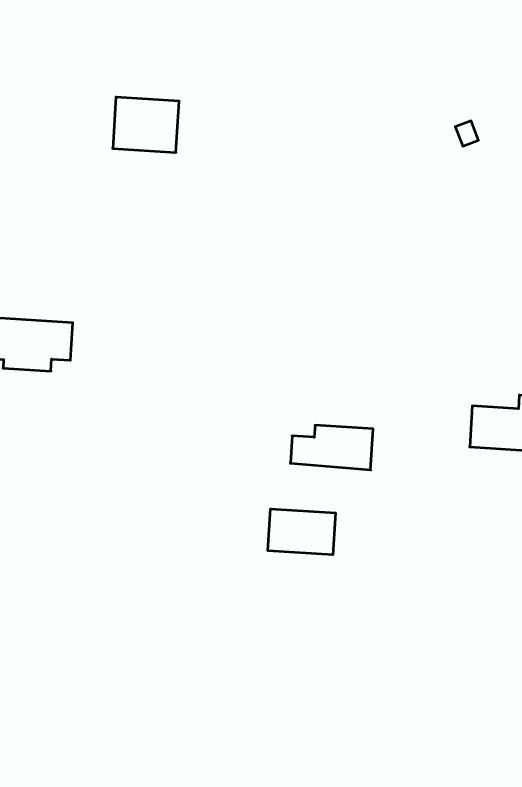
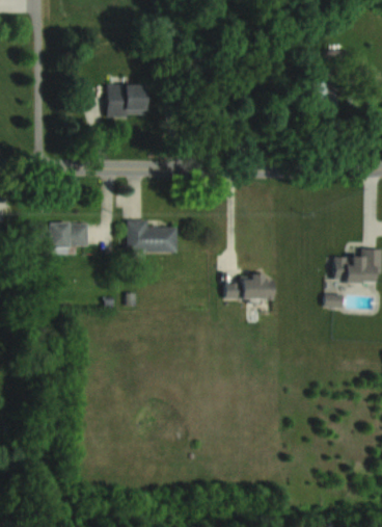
building: none -> [128,218,179,252]
building: [268,509,335,555] -> none

